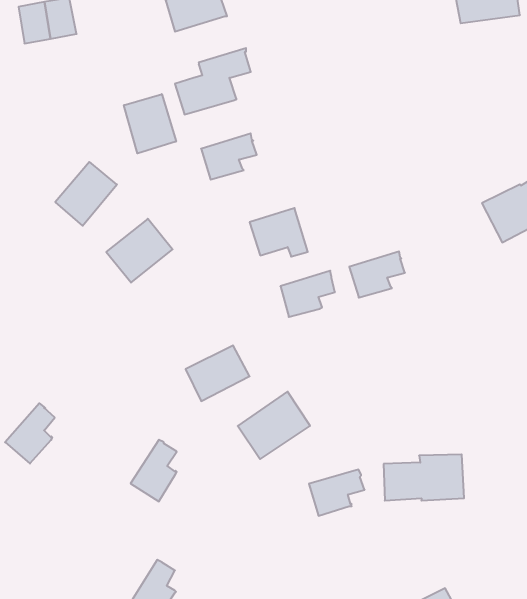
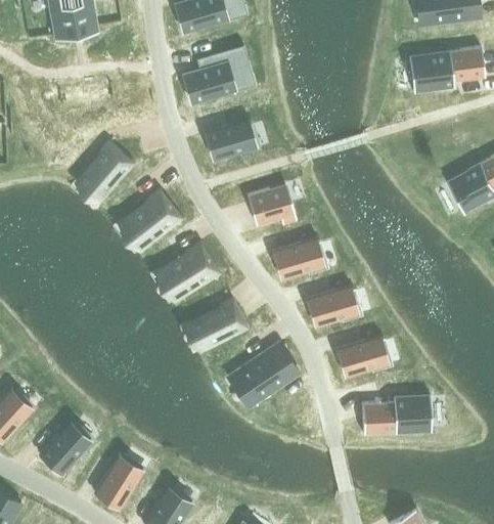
building: none -> [410,47,482,92]
building: [124,94,176,153] -> none
building: [349,251,405,298] -> [307,287,355,326]
building: none -> [161,245,219,299]
building: [5,403,55,464] -> [39,421,82,473]
building: [131,440,177,501] -> [94,454,134,508]
building: [309,470,365,516] -> [336,337,385,377]

